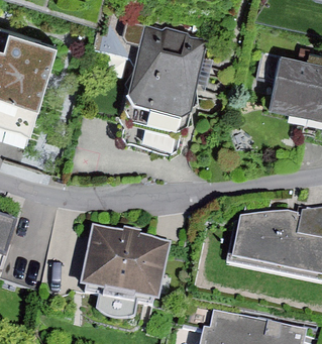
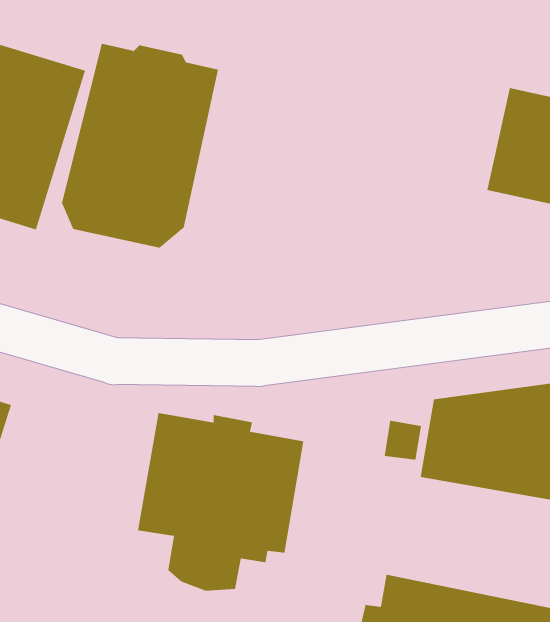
building: [123,24,207,133] -> [61,43,219,248]

